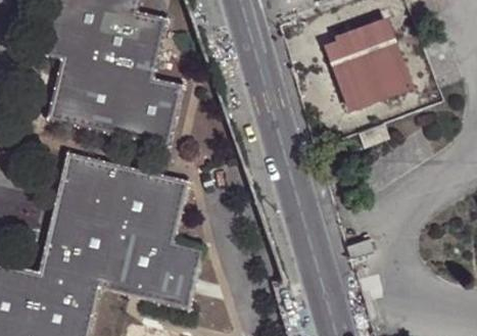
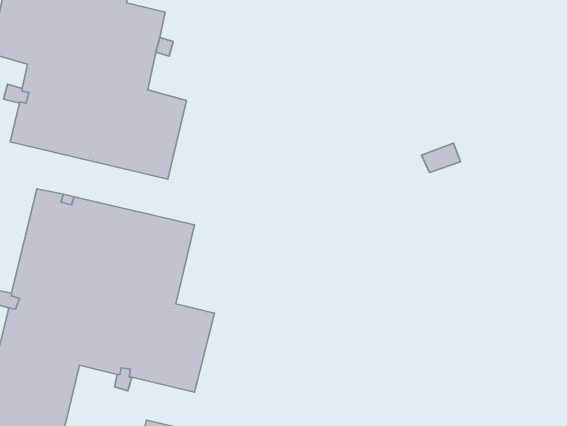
building: [328,18,411,103] -> none

